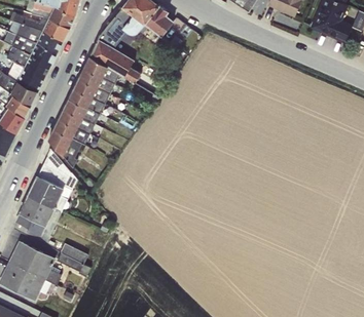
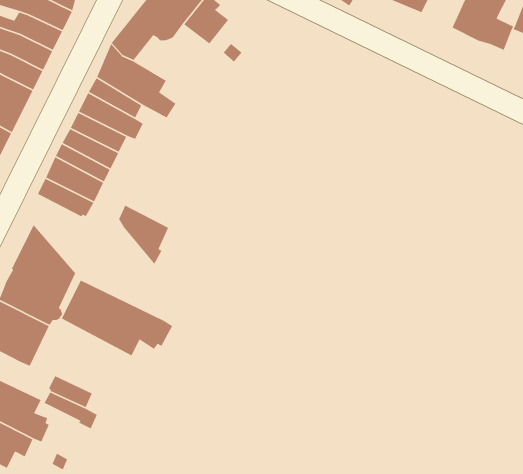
building: [48,129,80,167] -> [118,204,169,265]
building: none -> [61,280,173,356]

